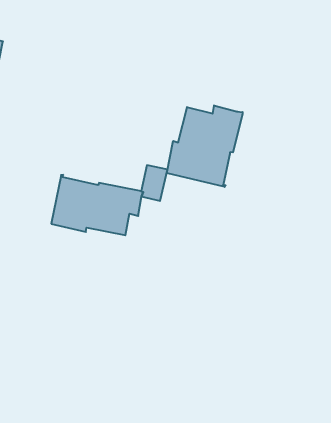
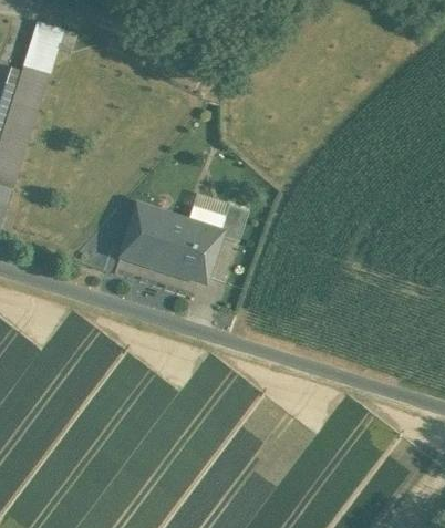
building: [167,105,243,187] -> none

